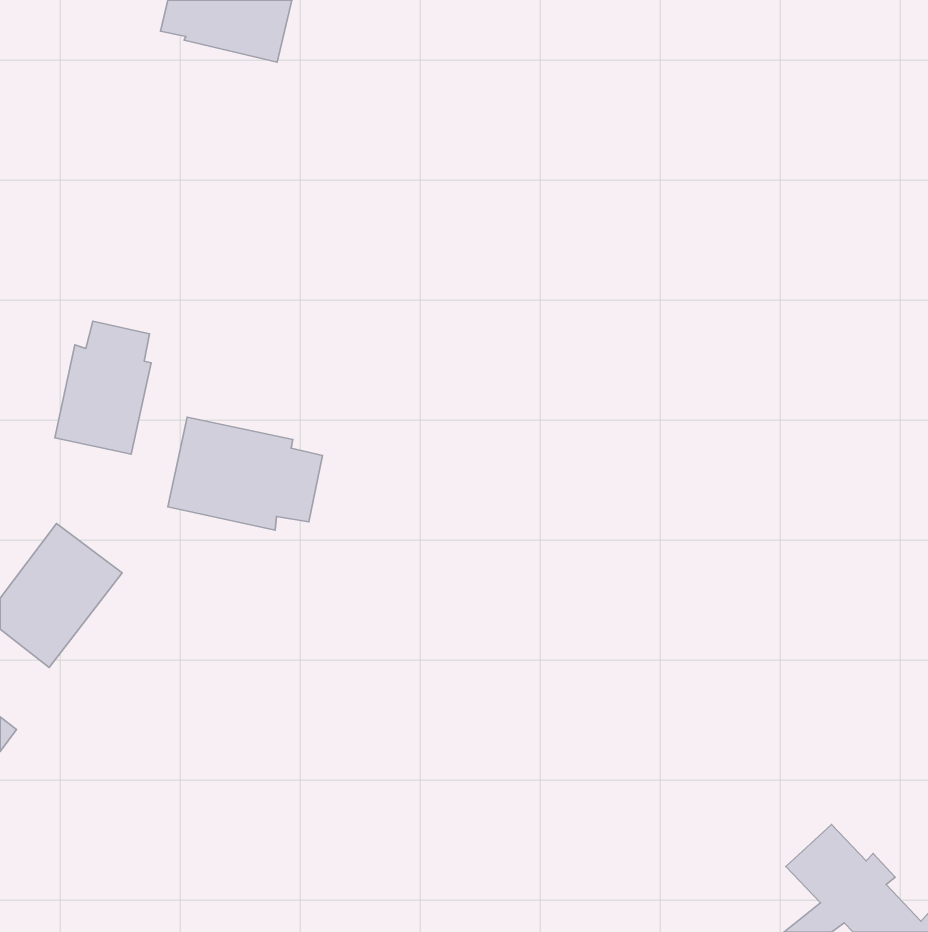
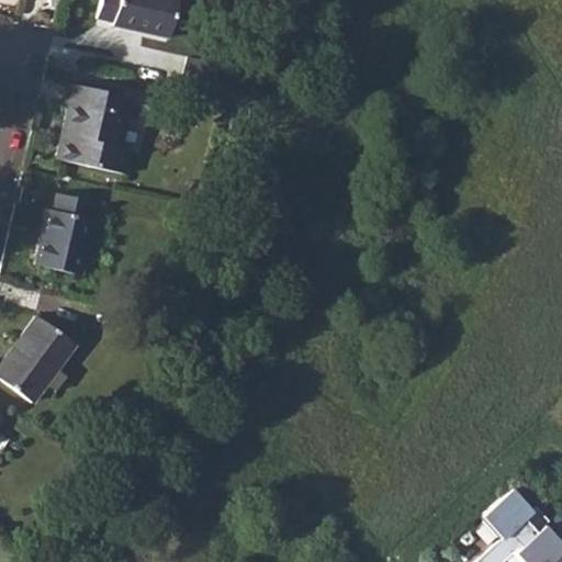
building: none -> [59,82,133,173]
building: [168,417,323,530] -> none

